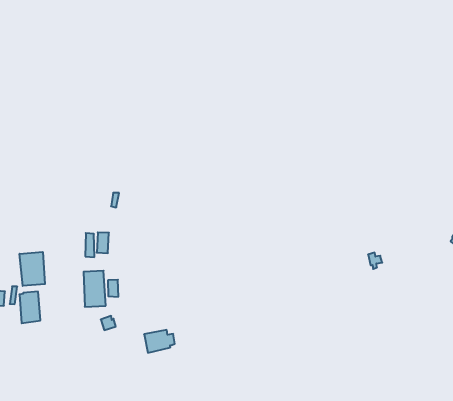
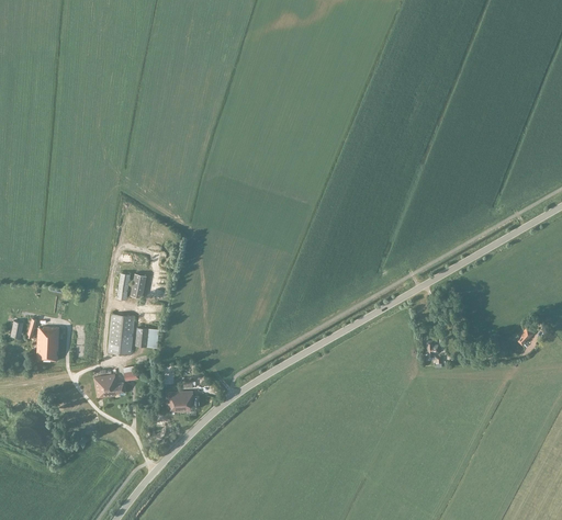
building: [20,252,45,286] -> none
building: none -> [95,373,127,398]

